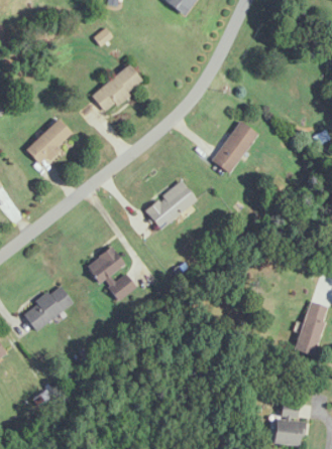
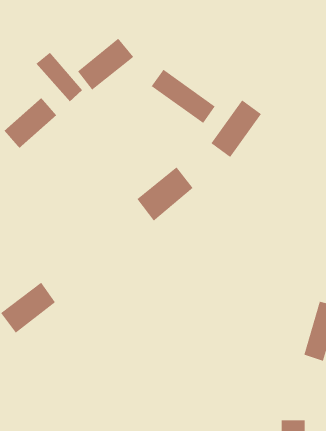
building: none -> [36,52,83,102]
building: none -> [151,69,215,124]
building: [86,247,136,300] -> none

